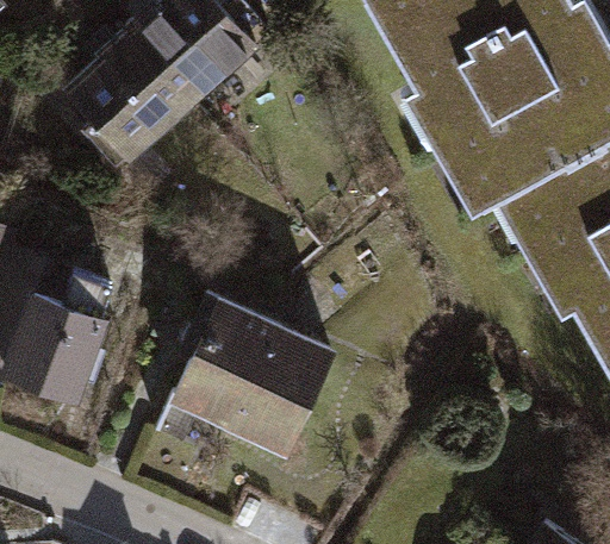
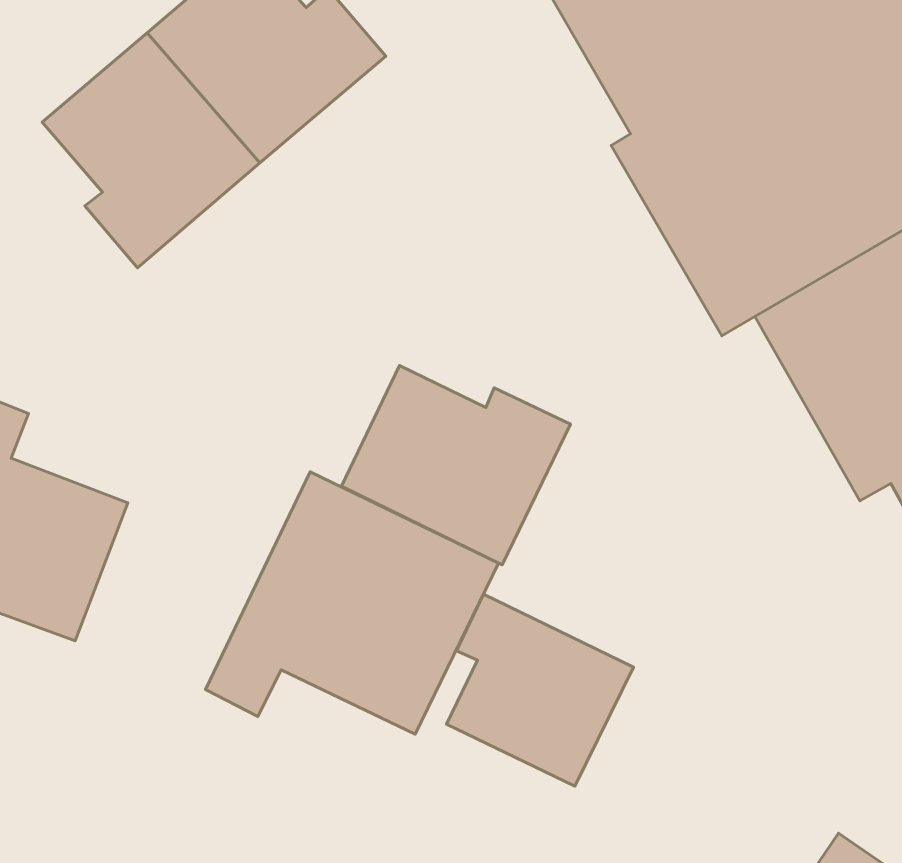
building: none -> [342,365,571,565]
building: none -> [446,594,634,786]

